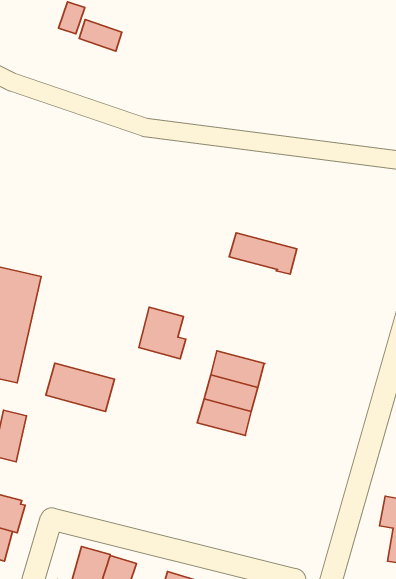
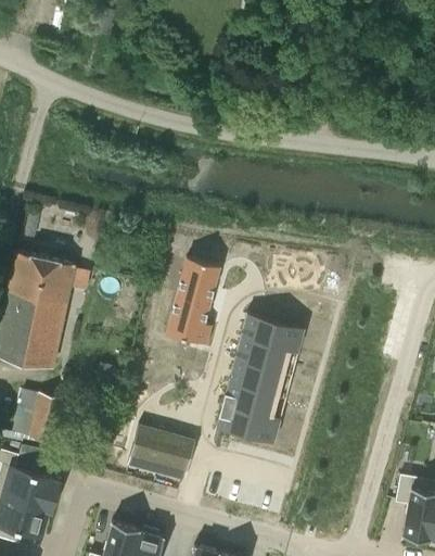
building: [79,19,122,51] -> none
building: [229,233,297,274] -> [241,315,305,354]
building: none -> [177,258,220,305]
building: [46,363,115,411] -> [130,427,195,472]
building: none -> [217,406,280,444]

